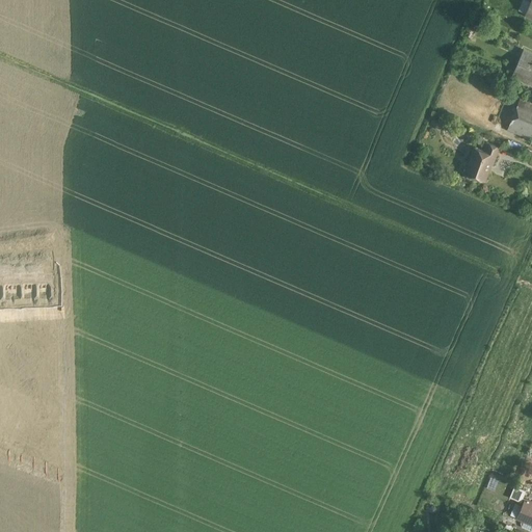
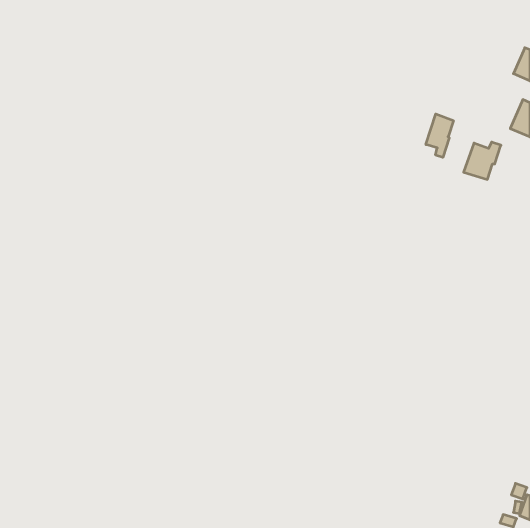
building: none -> [426,114,453,157]

